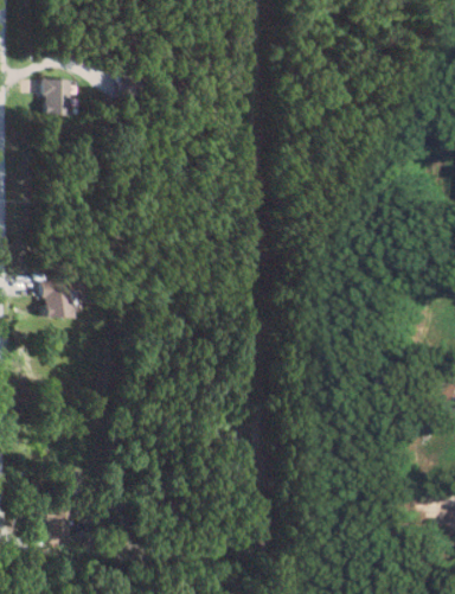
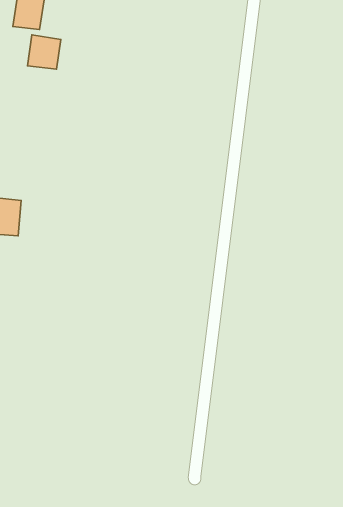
building: none -> [27,35,61,69]

